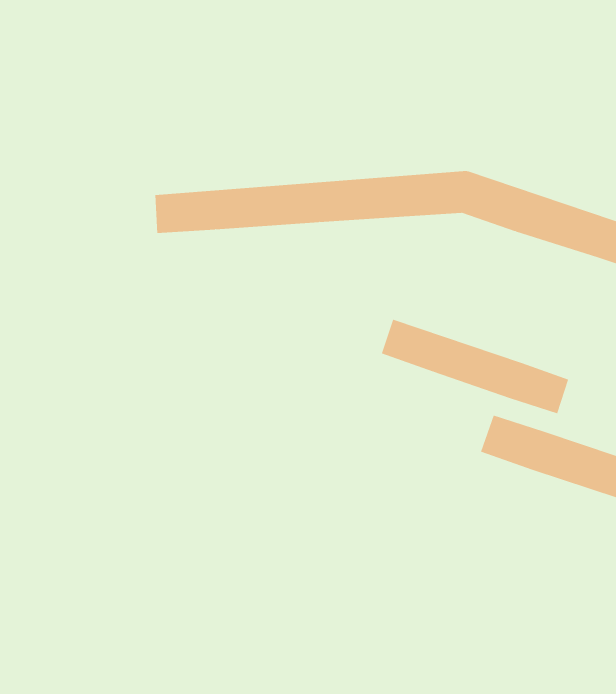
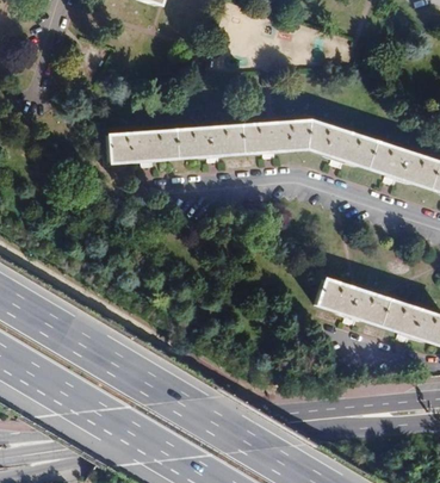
building: [381,319,569,414] -> none

